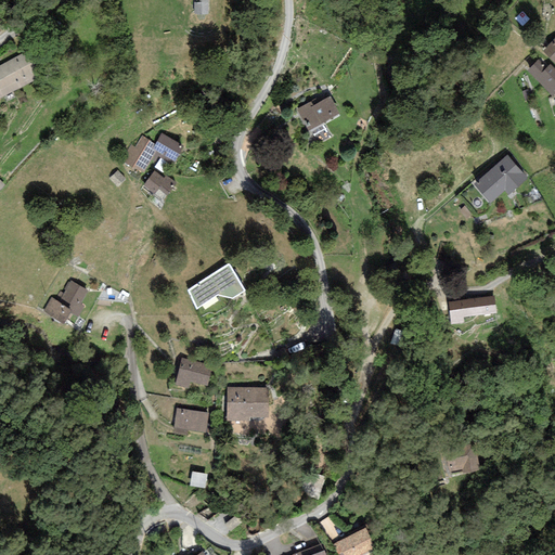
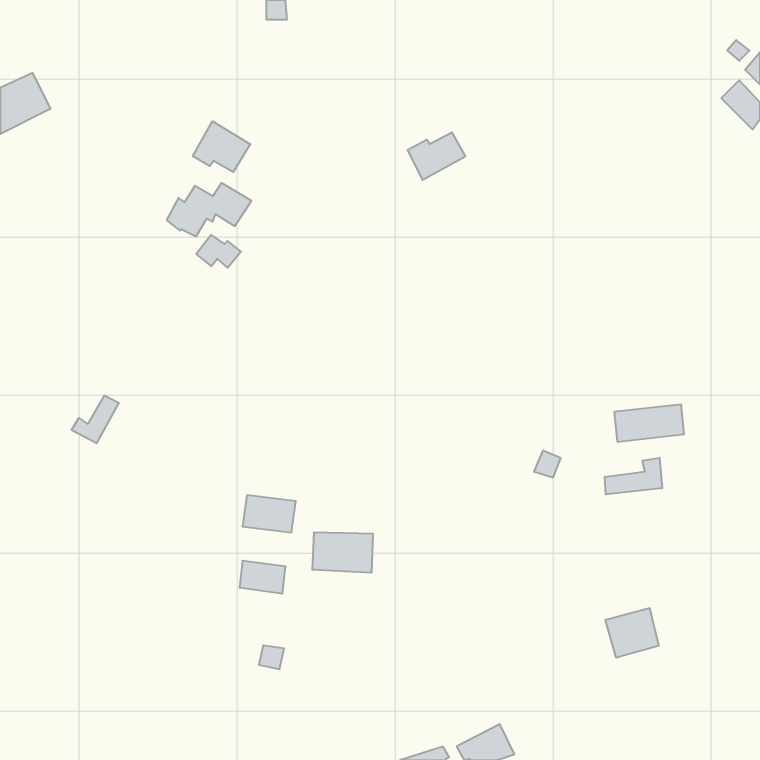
building: none -> [193,121,250,172]
building: [475,155,528,202] -> none
building: [189,263,244,308] -> none
building: none -> [605,458,662,495]

